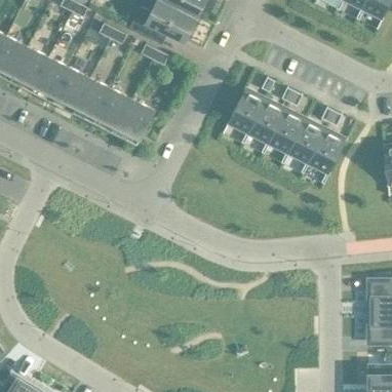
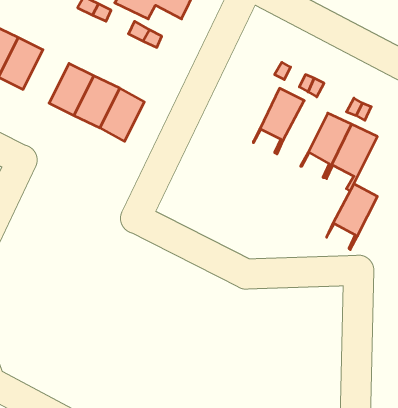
building: [52,68,90,112] -> none
building: [222,89,265,144] -> none
building: [263,110,305,164] -> [327,184,377,250]

